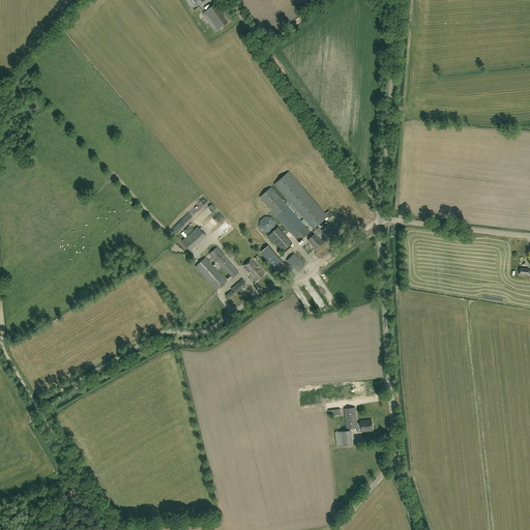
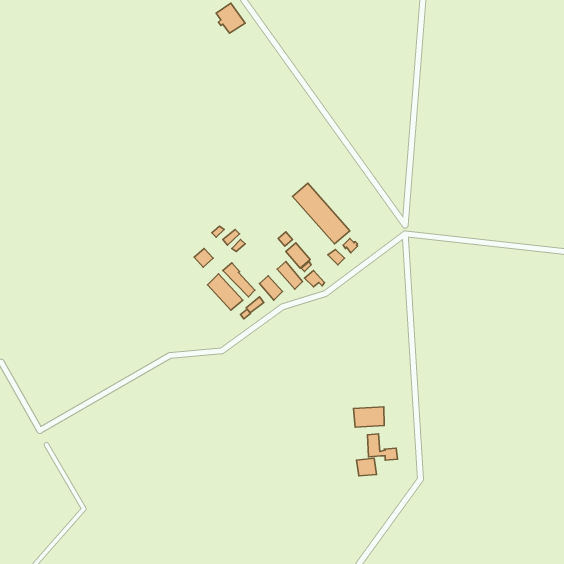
building: [260,186,310,241] -> none
building: none -> [353,407,384,427]

